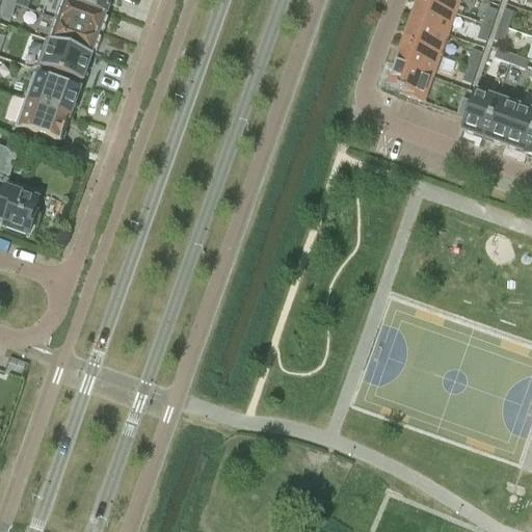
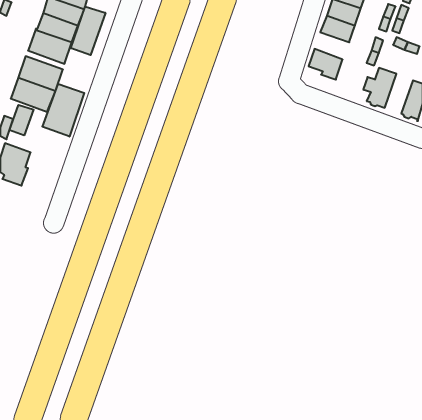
building: none -> [71,7,105,55]
building: [396,41,440,75] -> none
building: [484,92,520,142] -> none
building: none -> [42,84,84,137]
building: none -> [10,105,34,135]

